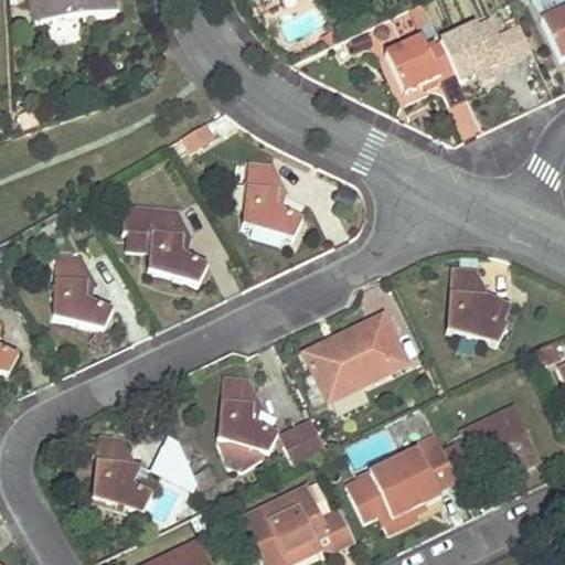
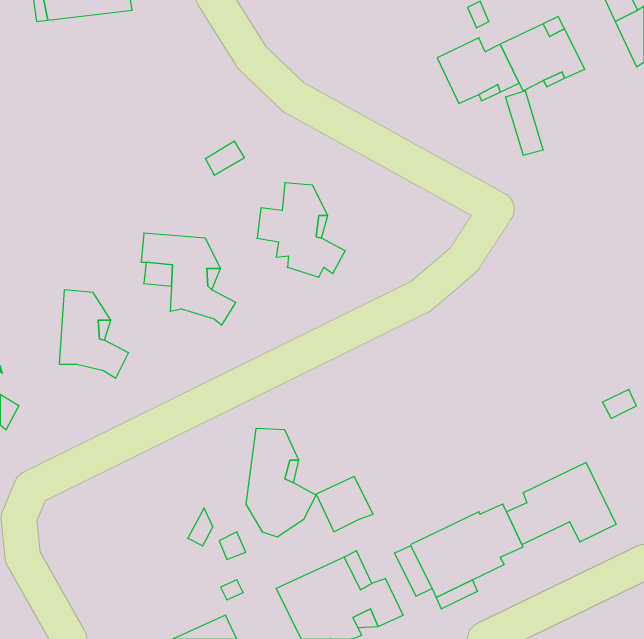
building: [446,266,511,347] -> none
building: [303,315,406,402] -> none
building: [92,435,152,514] -> none

